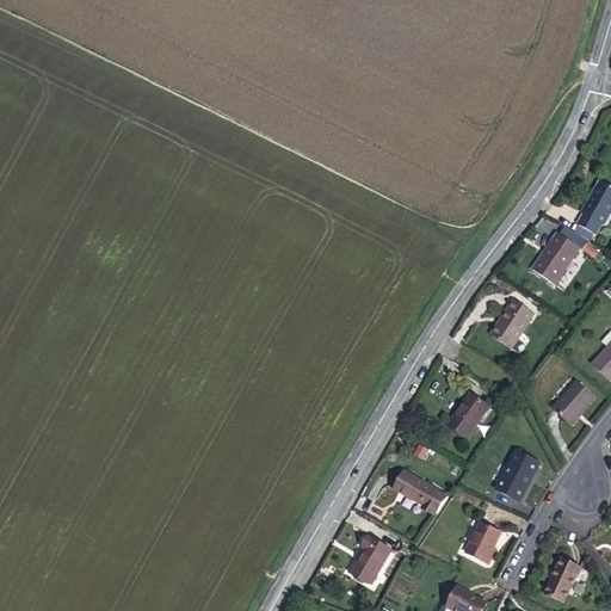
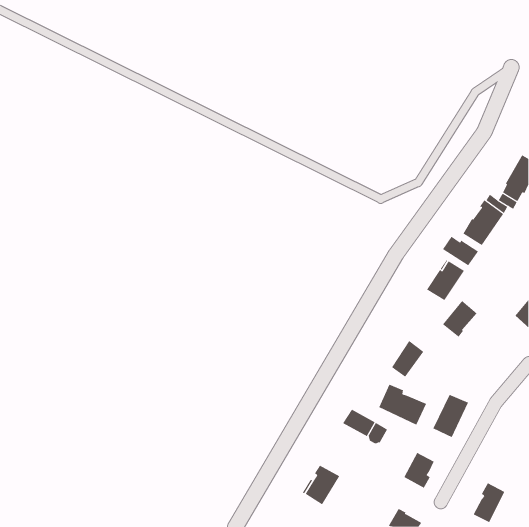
building: none -> [442,236,479,266]
building: [554,379,594,422] -> [442,300,477,338]
building: none -> [378,384,427,425]

